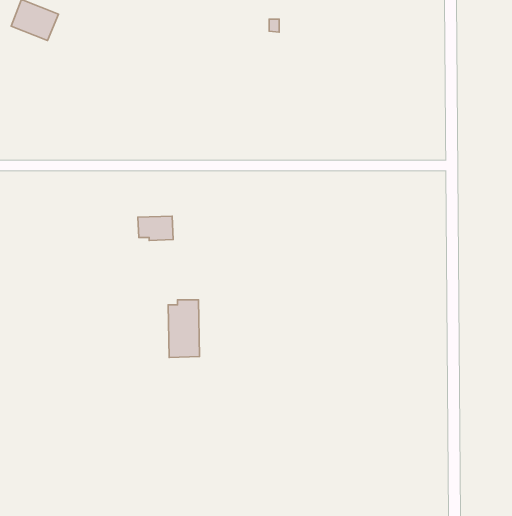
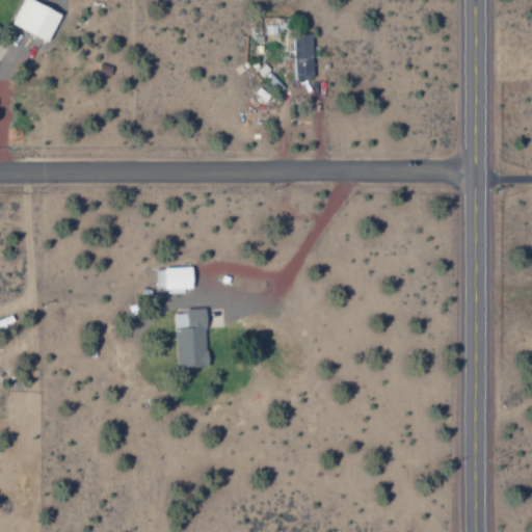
building: none -> [296,35,316,78]
building: [138,216,173,240] -> [158,267,194,292]

